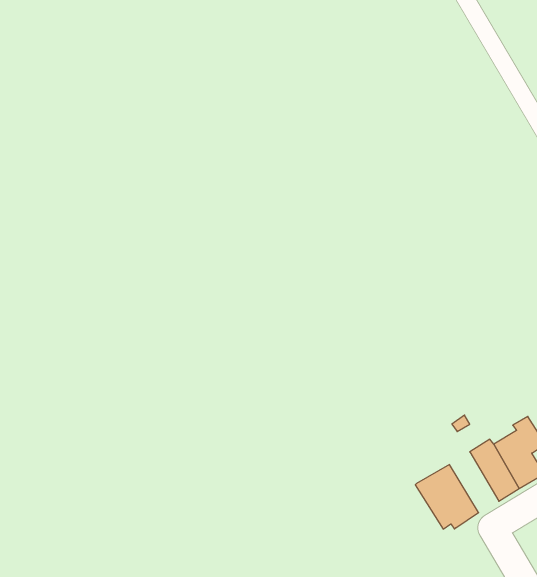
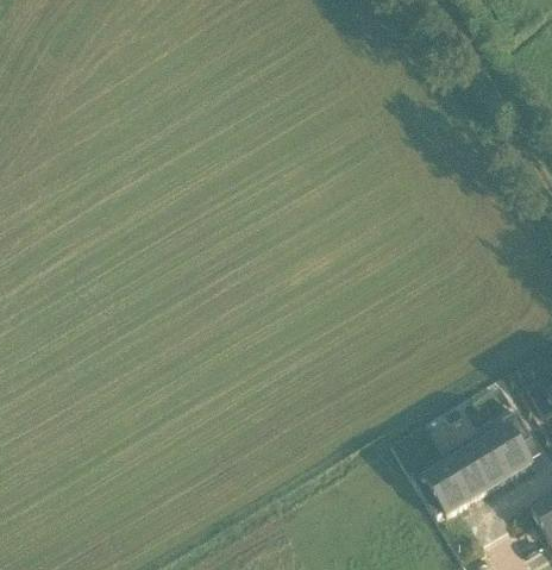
building: none -> [444,440,490,497]

